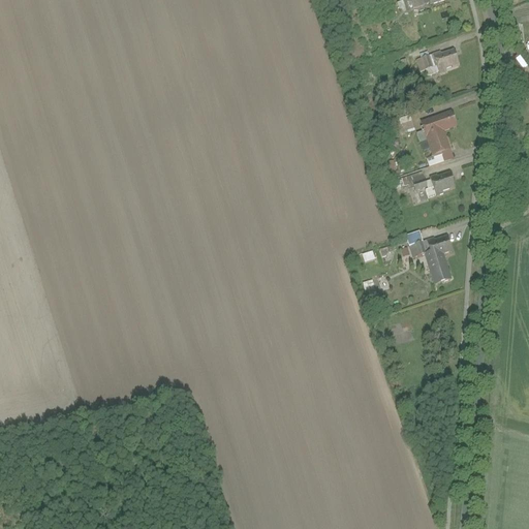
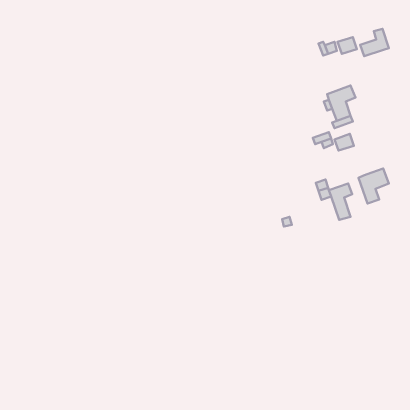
building: none -> [360,29,389,56]
building: none -> [359,169,389,203]

